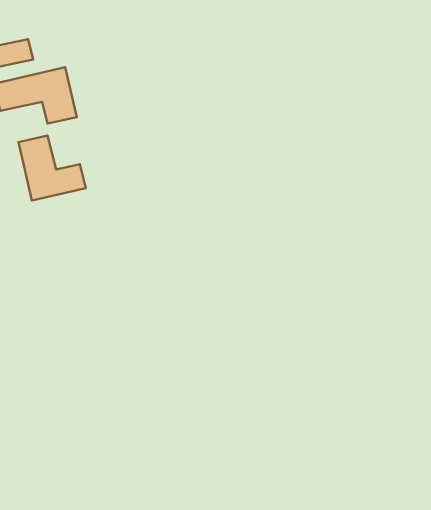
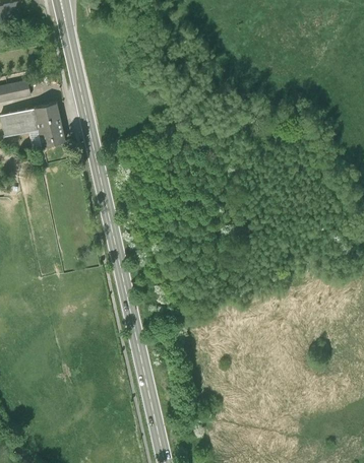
building: [18,135,86,201] -> none

